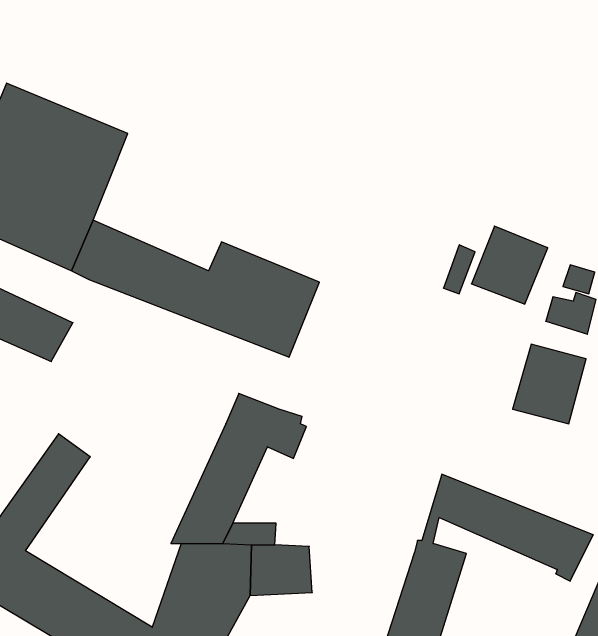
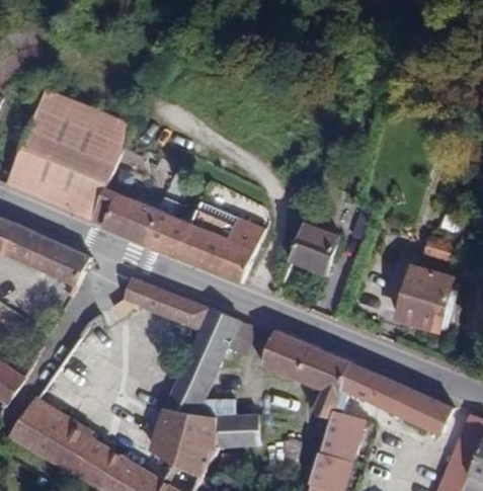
building: [471,226,548,304] -> [289,221,342,275]
building: none -> [124,278,207,329]
building: none -> [262,330,350,419]

